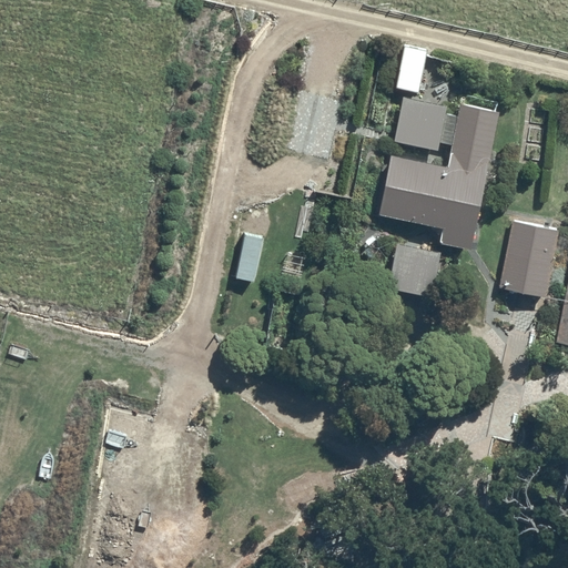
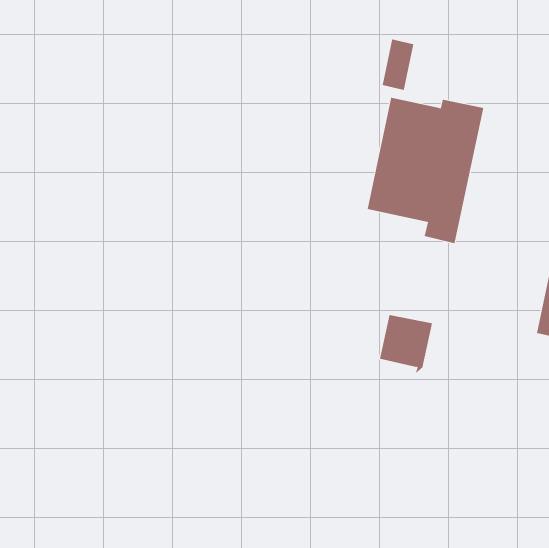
building: [497,219,558,297] -> none
building: [387,242,443,304] -> [379,315,433,375]

